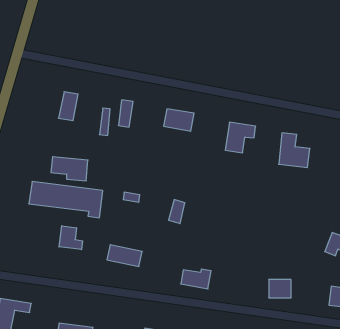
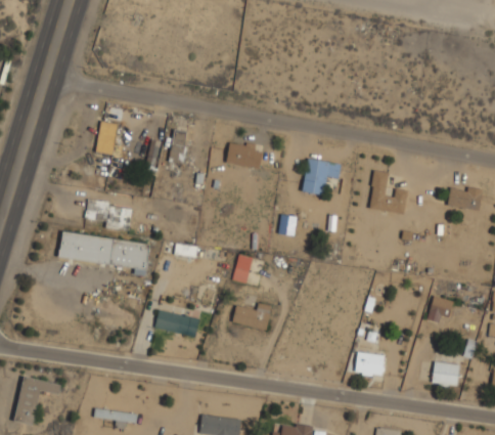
building: [59,226,83,250] -> none
building: [181,269,211,289] -> [233,305,271,330]

